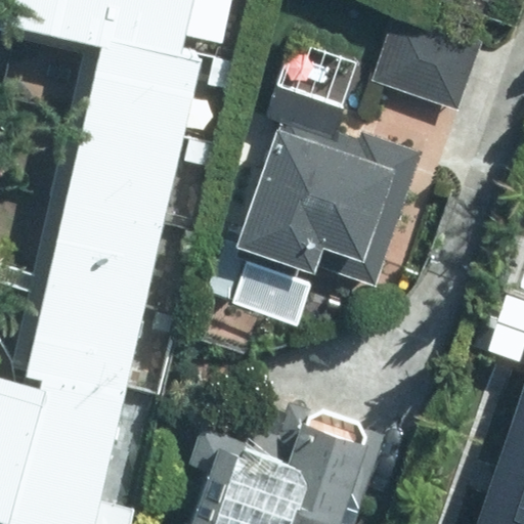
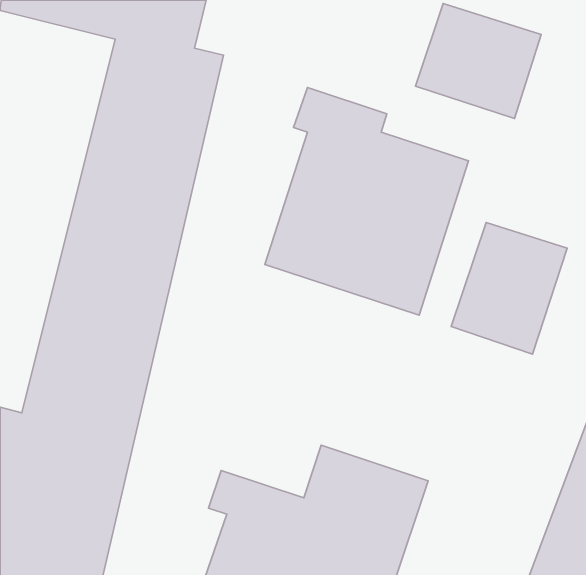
building: none -> [451,222,567,354]

